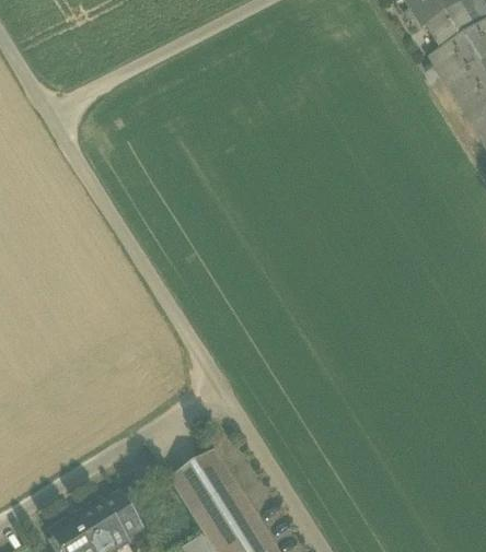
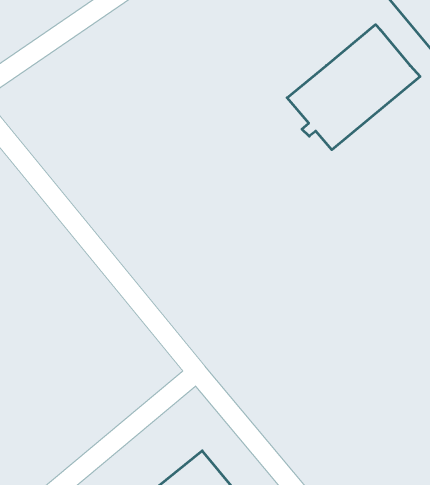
building: none -> [287,25,420,150]

